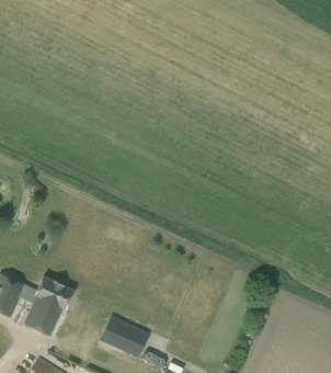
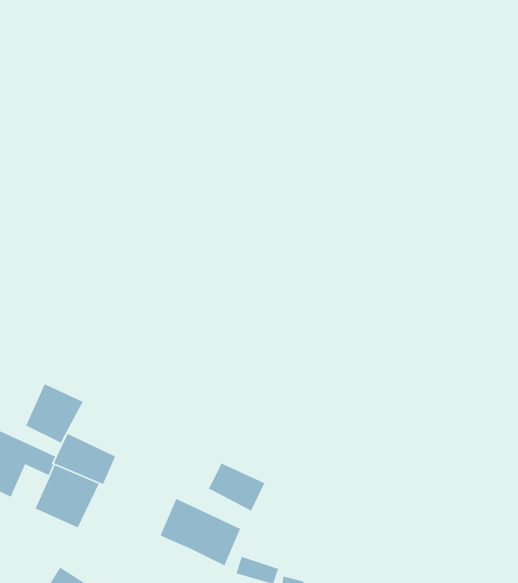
building: none -> [25,383,84,444]
building: none -> [208,463,265,512]

